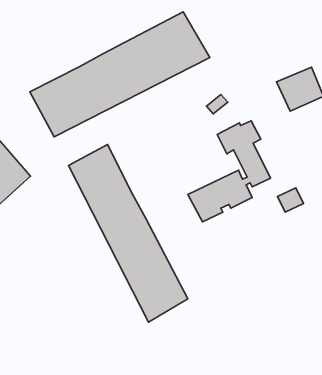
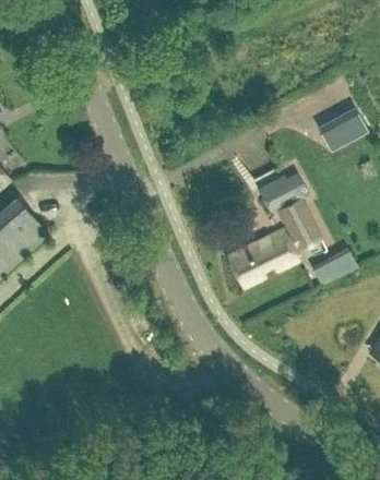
building: [30,12,210,137] -> none
building: [69,144,188,322] -> none

